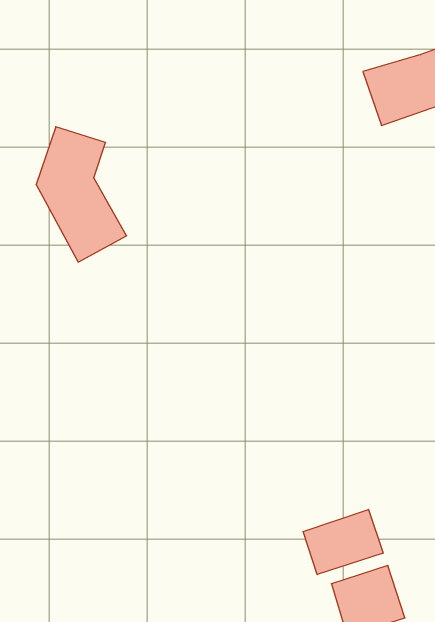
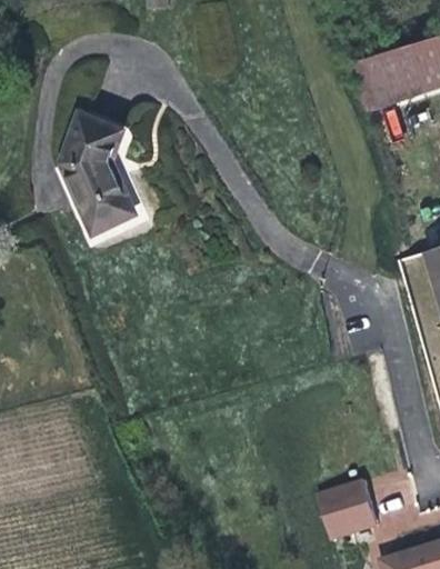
building: [303,509,383,575] -> none

